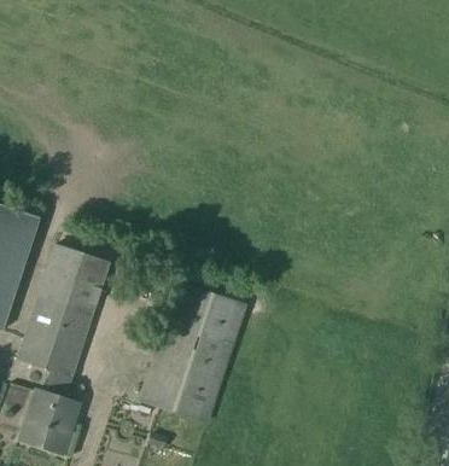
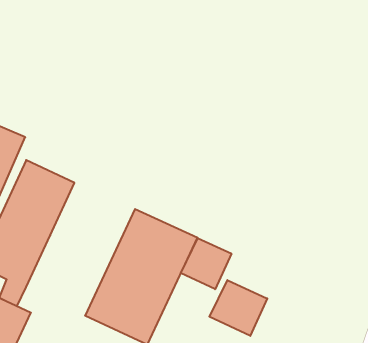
building: none -> [181,238,231,289]
building: none -> [209,280,267,336]

